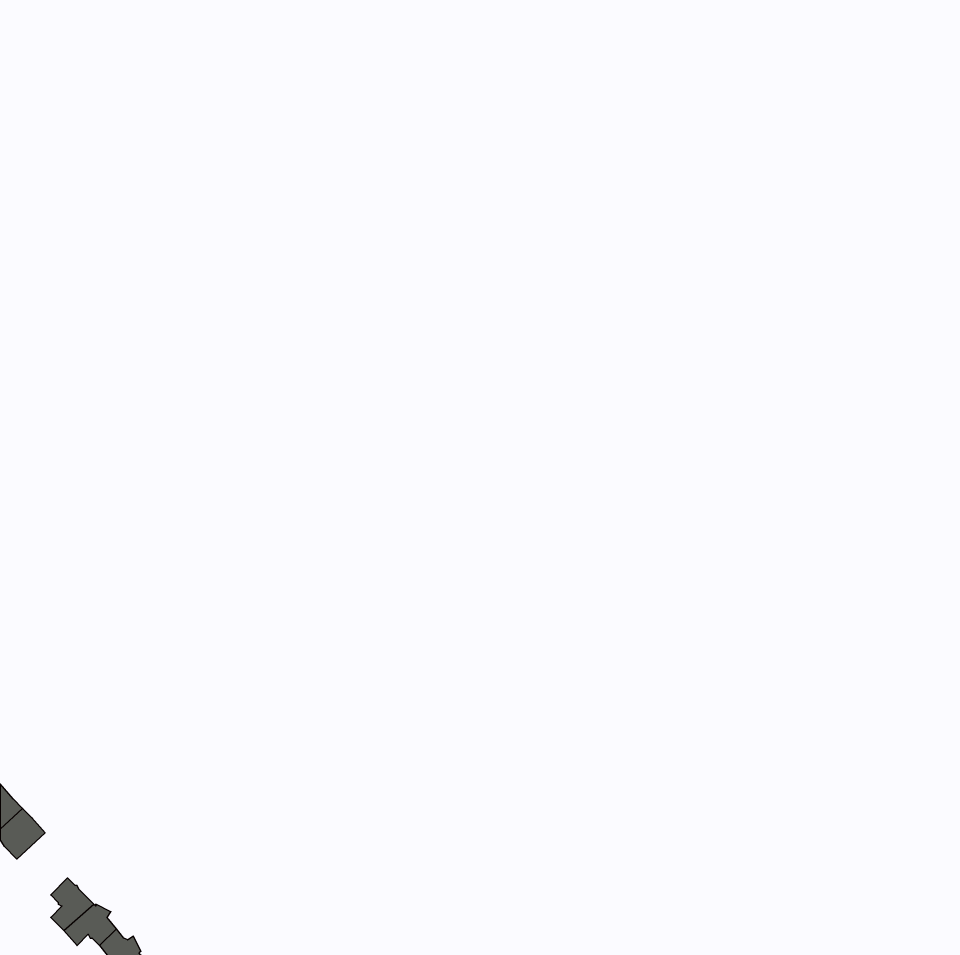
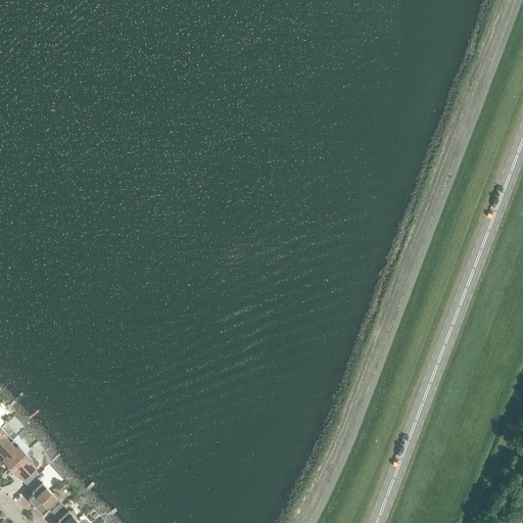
building: none -> [9,456,38,483]

